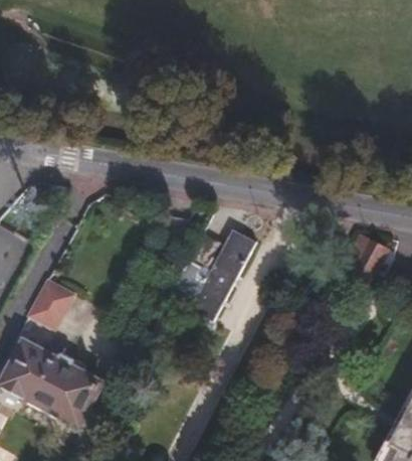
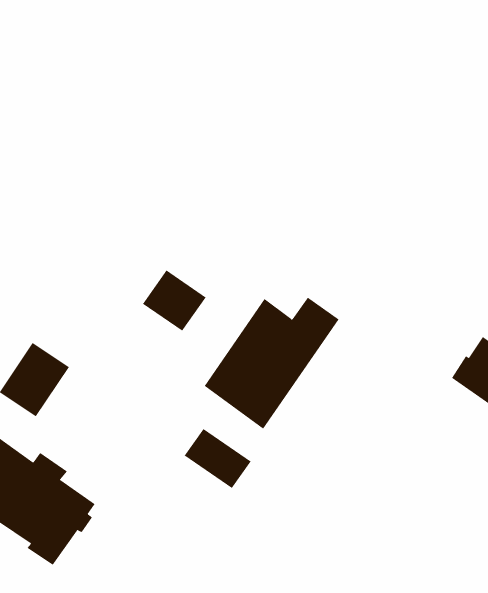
building: none -> [142,270,206,332]
building: none -> [184,428,251,489]

